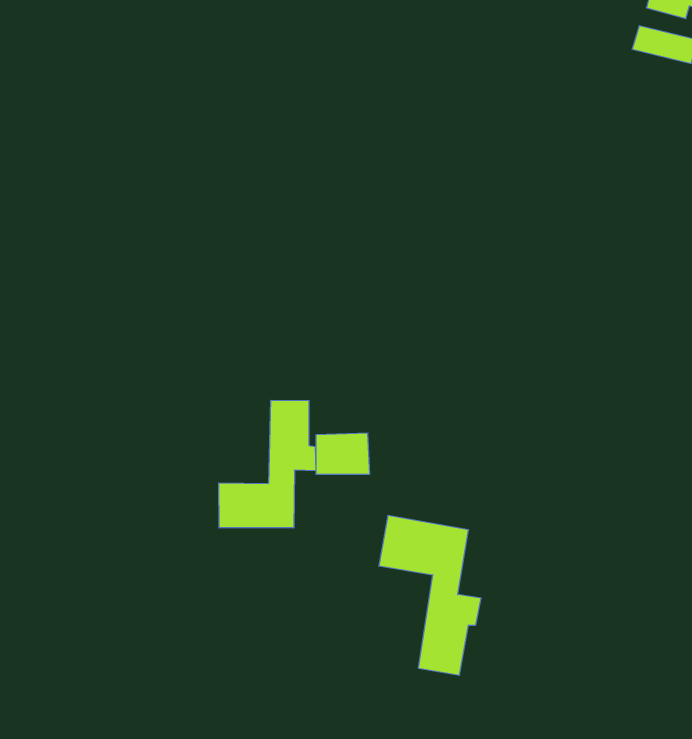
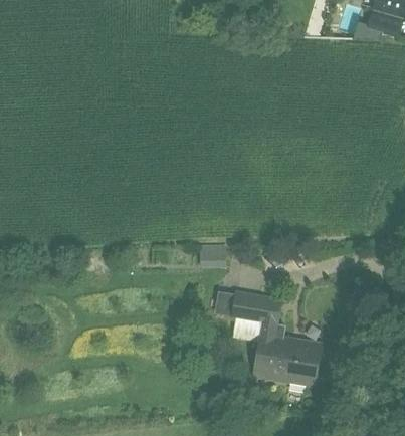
building: [219,400,316,528] -> none
building: none -> [274,337,318,386]

